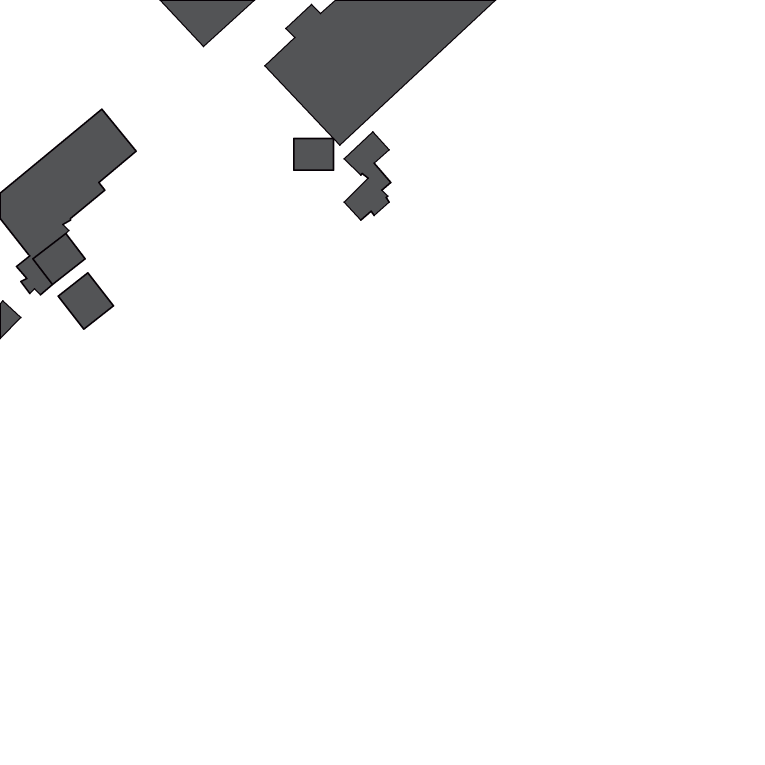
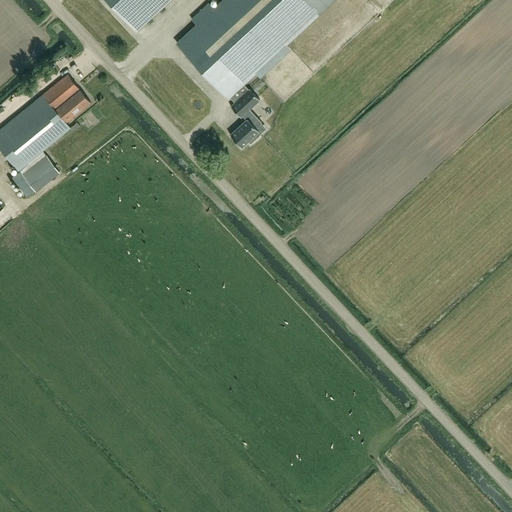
building: [294,139,334,170] -> none
building: [58,273,113,329] -> none

